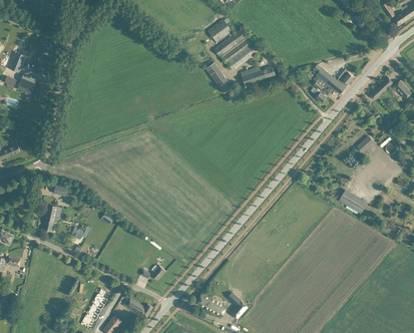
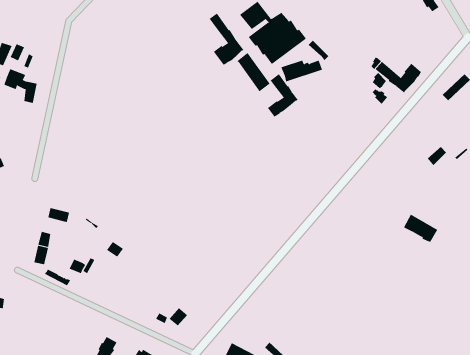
building: none -> [209,12,244,66]
building: none -> [268,73,298,117]

